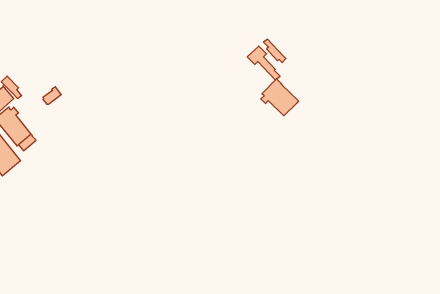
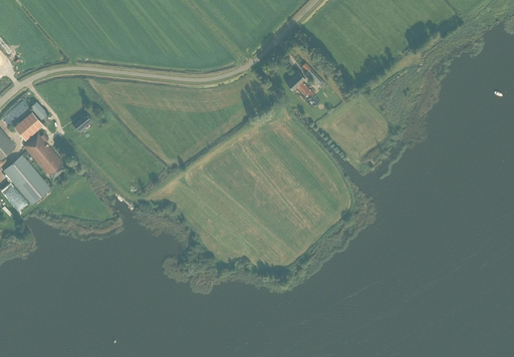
building: [261,79,298,116] -> none

